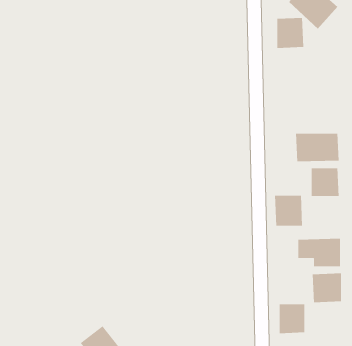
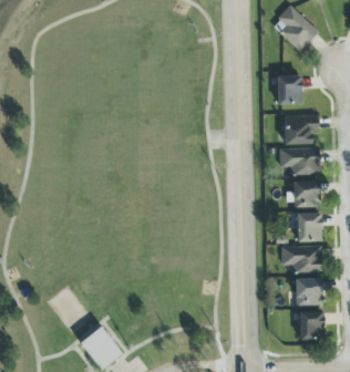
building: [276,17,304,48] -> [277,74,302,103]
building: none -> [285,114,318,144]
building: [274,195,303,226] -> [296,211,322,240]
building: [279,304,305,334] -> [299,311,323,339]

